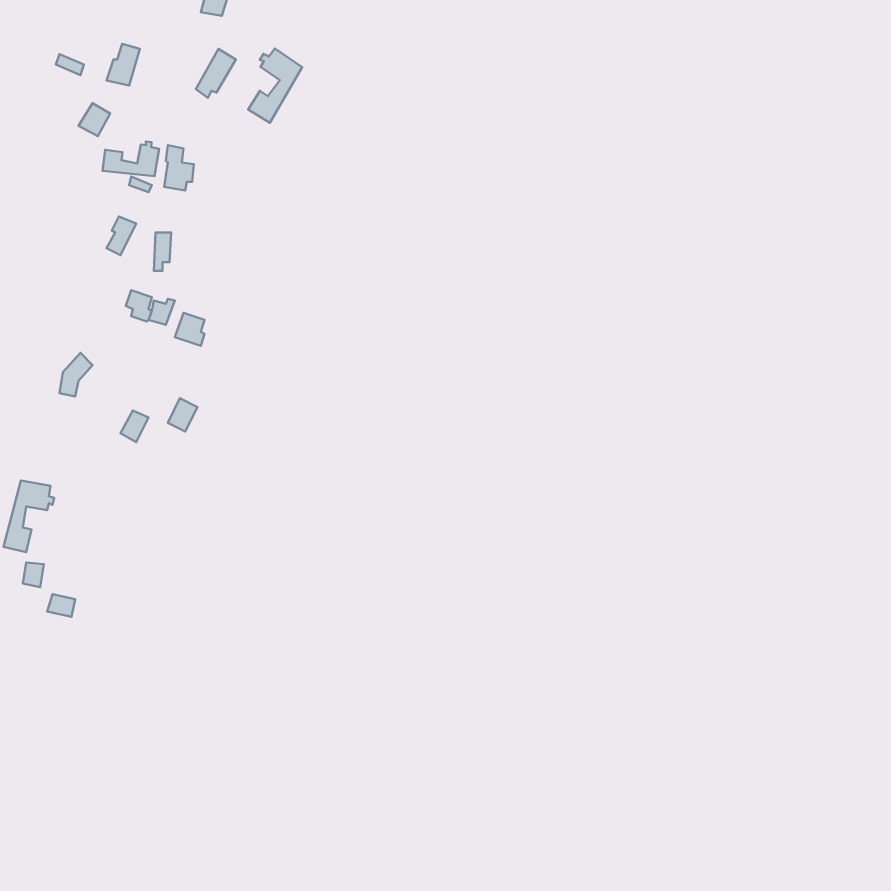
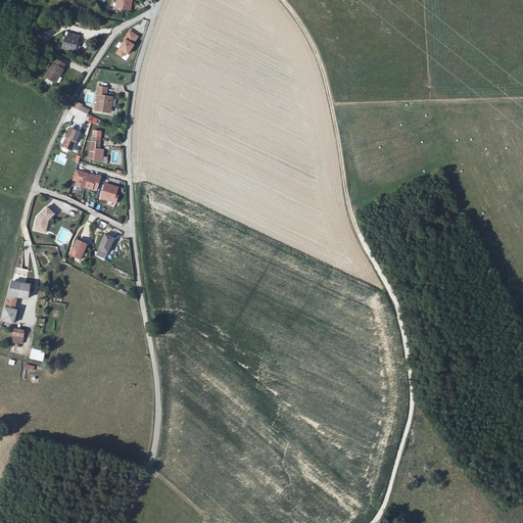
building: [248,49,302,123] -> none
building: [102,142,159,176] -> none

